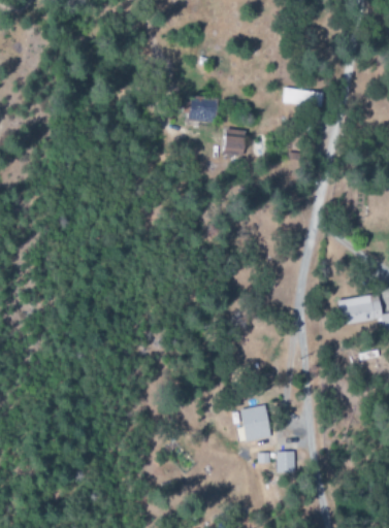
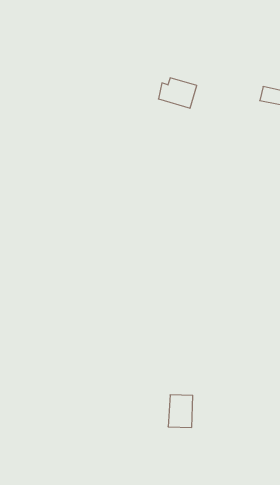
building: [224,131,245,157] -> none
building: [278,451,296,473] -> none

